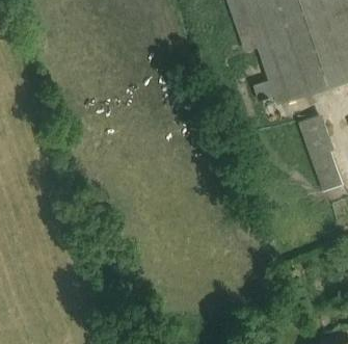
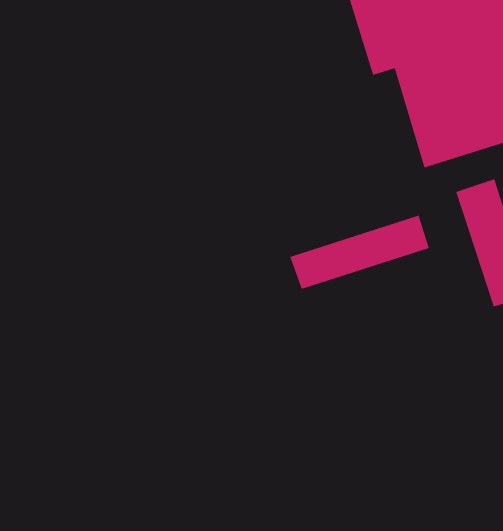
building: none -> [289,214,430,290]

